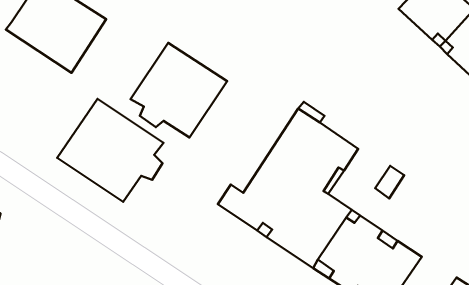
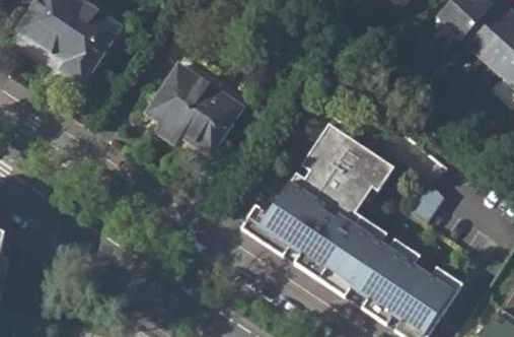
building: [57,99,164,202] -> none

